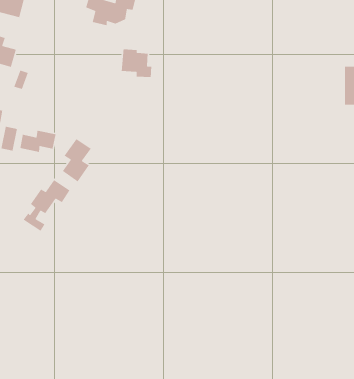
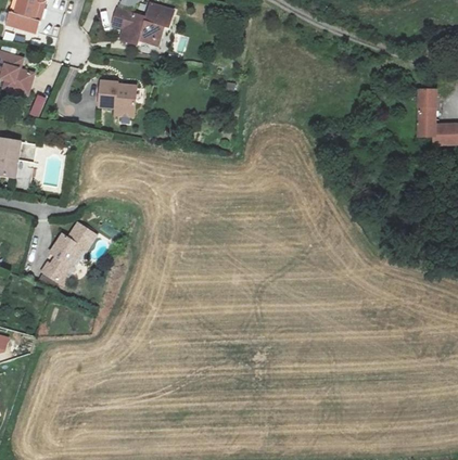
building: [121,48,152,78] -> [100,80,137,115]
building: [19,130,56,153] -> none
building: [62,138,92,183] -> none

